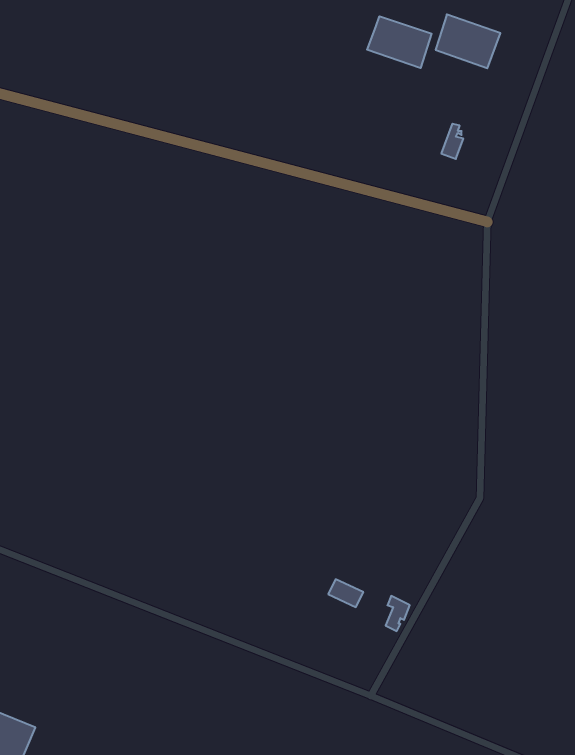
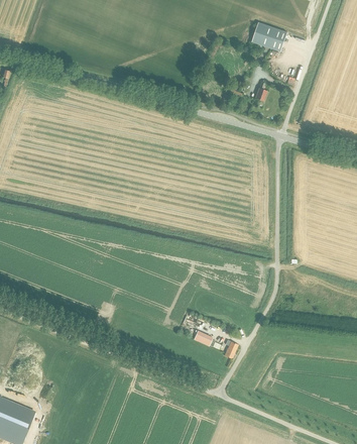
building: [367,16,432,68] -> none

